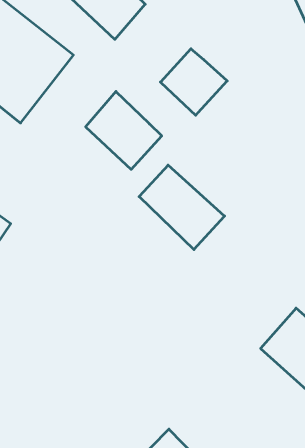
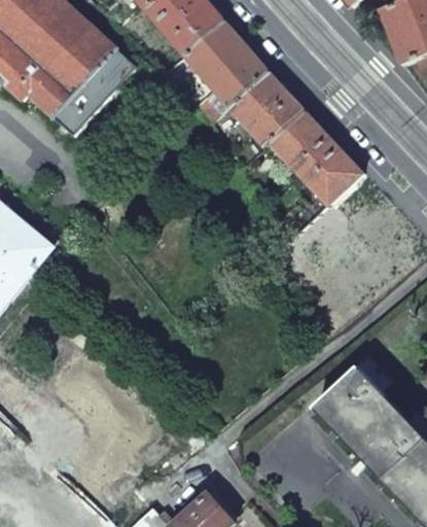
building: [86,91,162,169] -> [184,19,268,106]
building: [139,165,225,250] -> [270,111,362,207]

